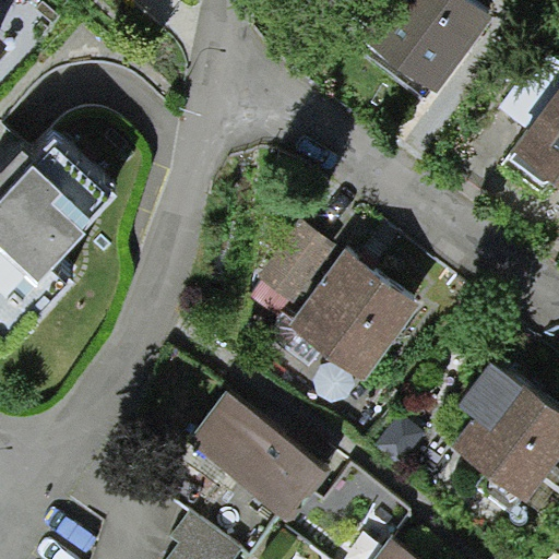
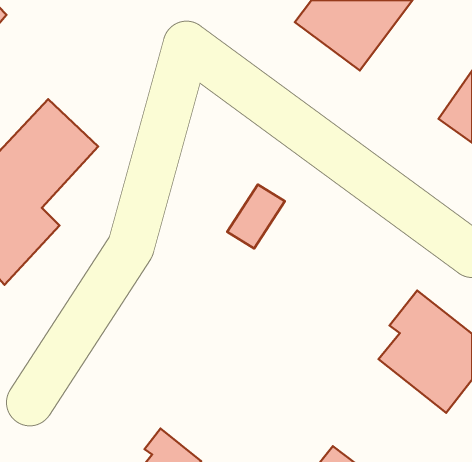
building: [294,272,415,394] -> none
building: [187,386,332,520] -> none

